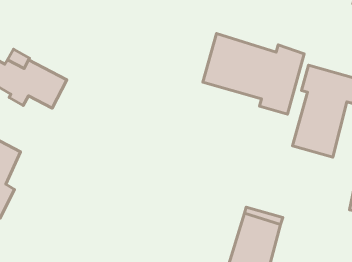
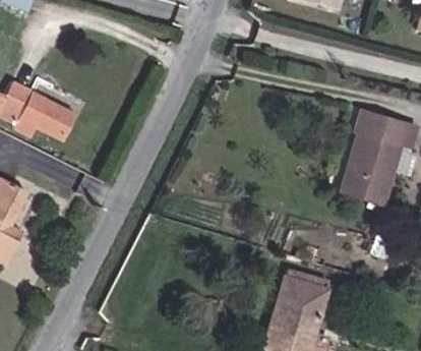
building: [203,34,304,114] -> none

